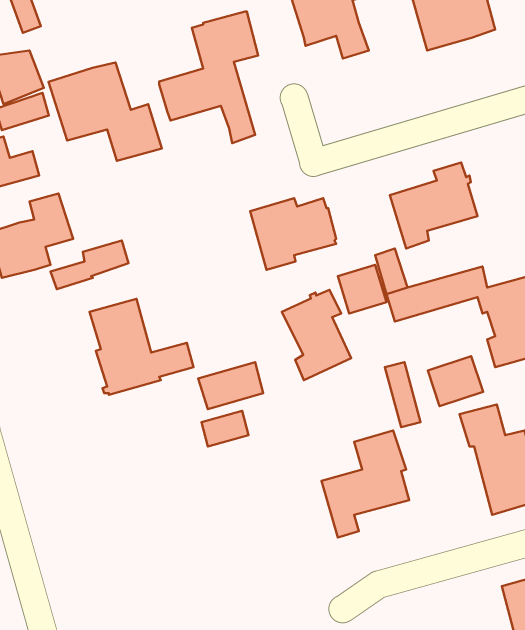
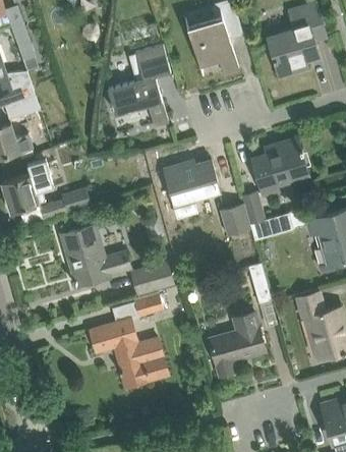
building: [48,62,162,161] -> none
building: [282,290,351,380] -> none
building: [428,356,483,406] -> none
building: none -> [90,320,168,389]

